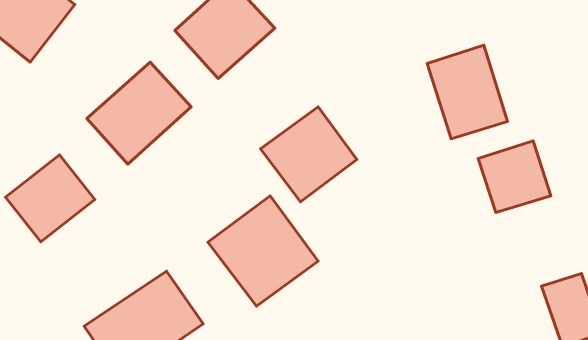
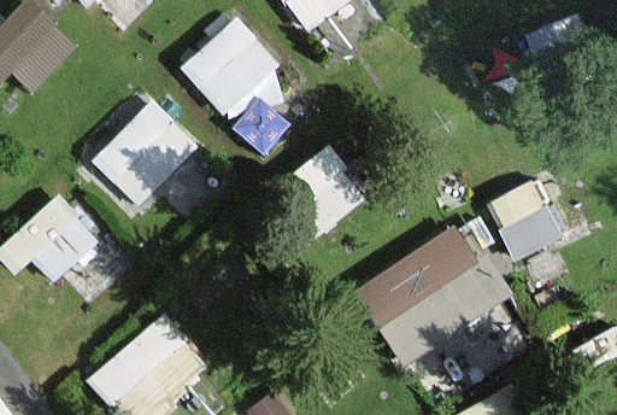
building: [427,45,507,139] -> none
building: none -> [353,222,510,372]
building: [208,196,318,306] -> none

